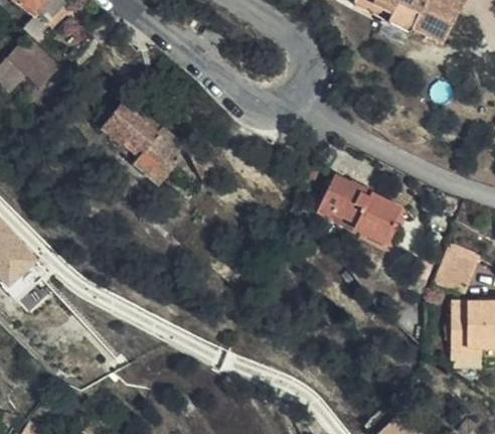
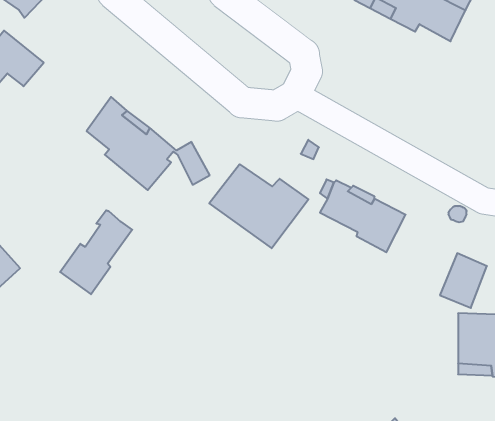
building: none -> [209,164,308,248]
building: none -> [60,210,132,294]

